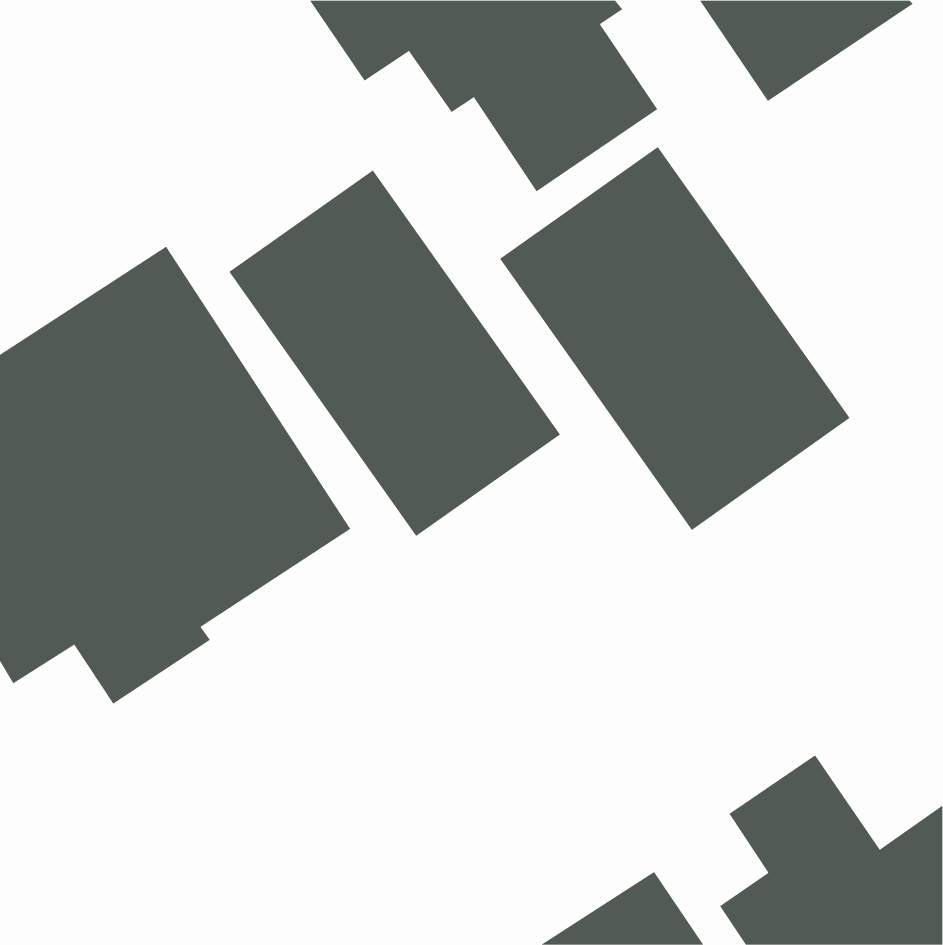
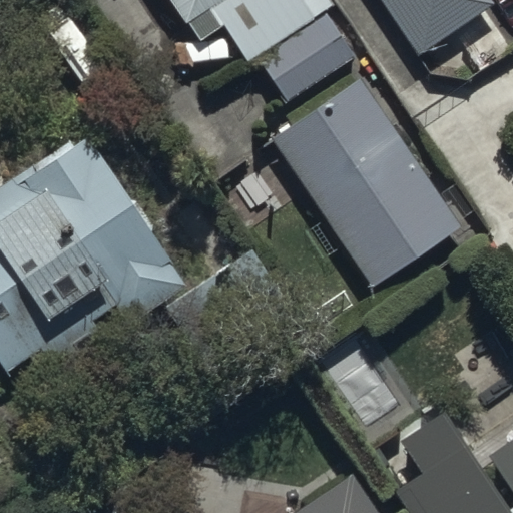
building: [229,169,561,537] -> none

